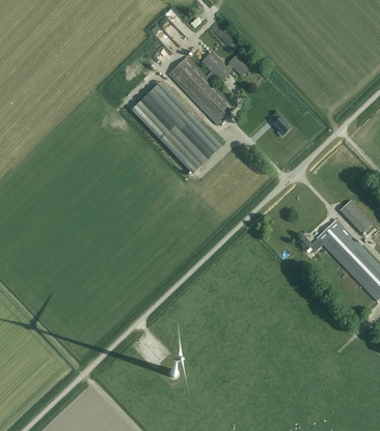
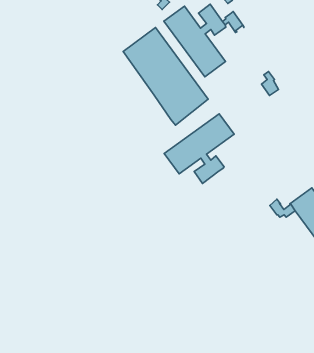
building: none -> [164,114,234,183]

